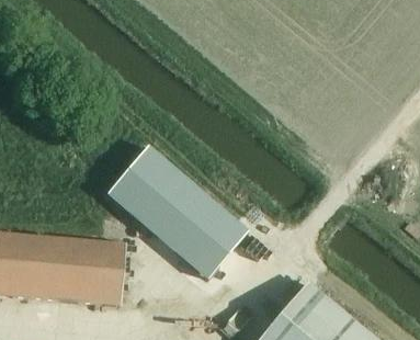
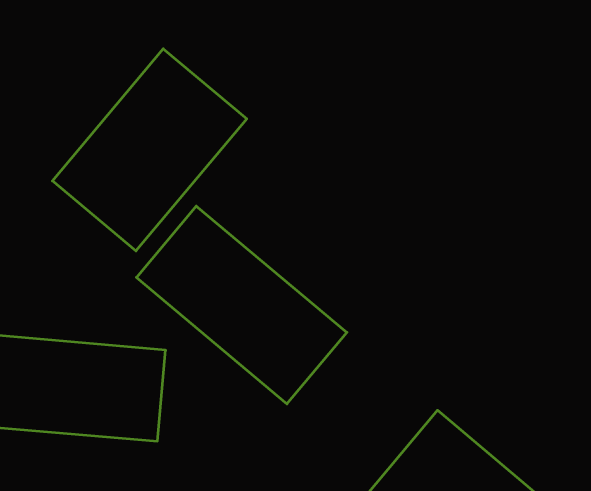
building: none -> [52,49,247,251]

